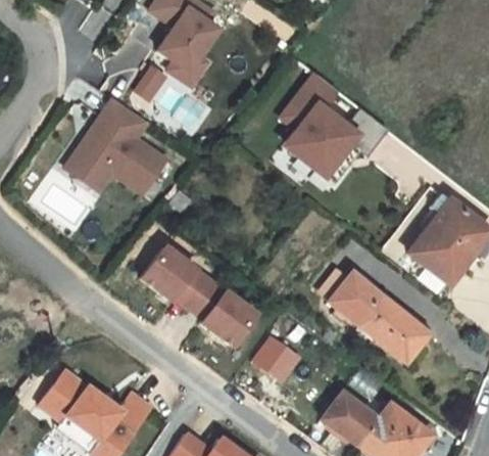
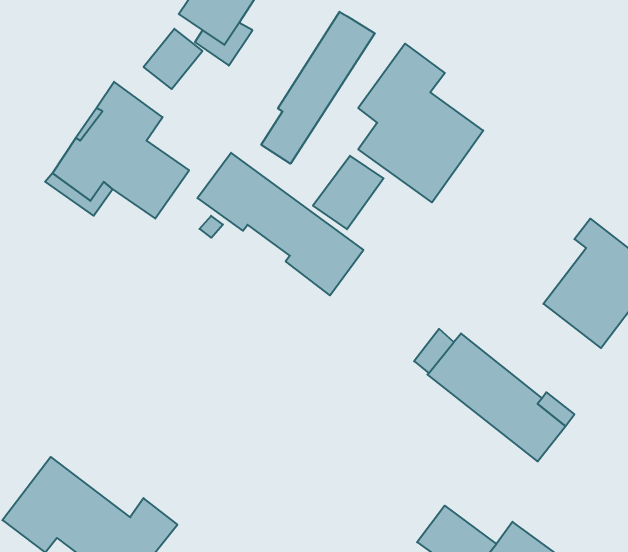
building: none -> [261,12,375,164]
building: none -> [313,156,384,229]
building: [141,246,256,346] -> [197,153,363,295]
building: [254,335,303,383] -> none

